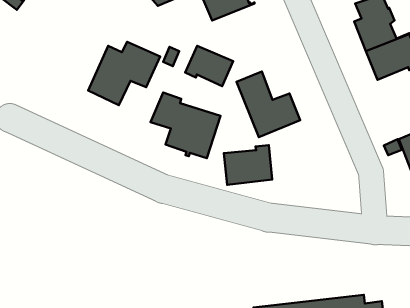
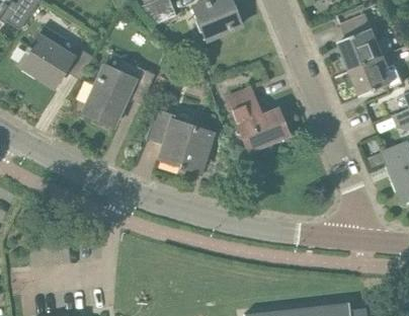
building: none -> [16,25,92,88]
building: [185,46,233,86] -> none
building: [224,145,272,185] -> none

